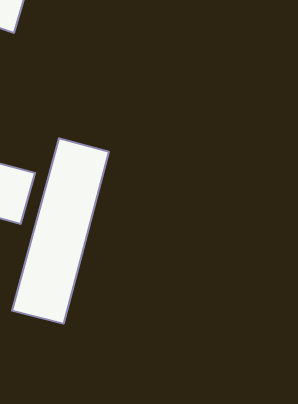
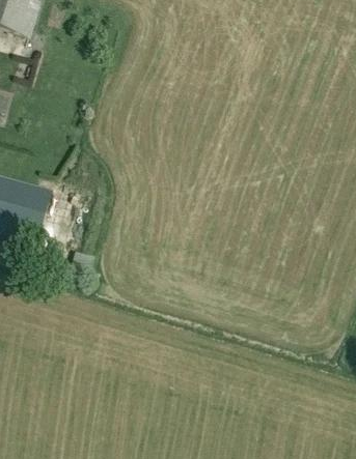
building: [12,138,109,324] -> none

